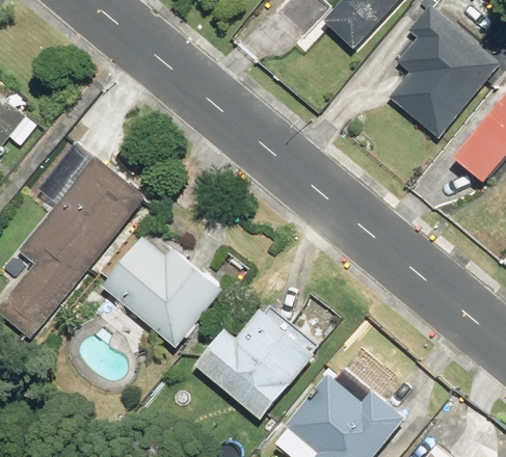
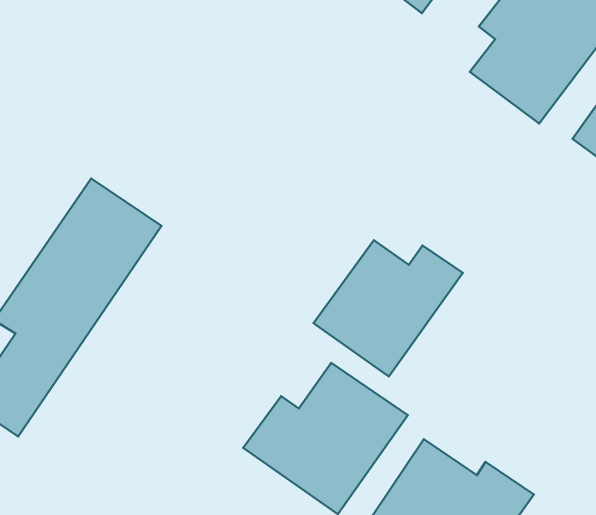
building: none -> [313,240,463,377]
building: [101,236,229,347] -> none

